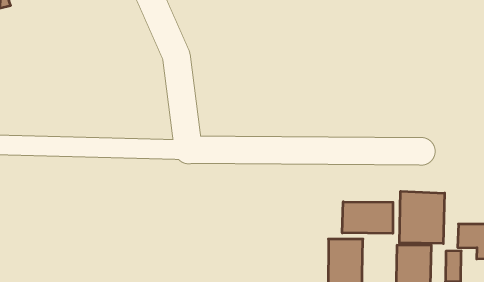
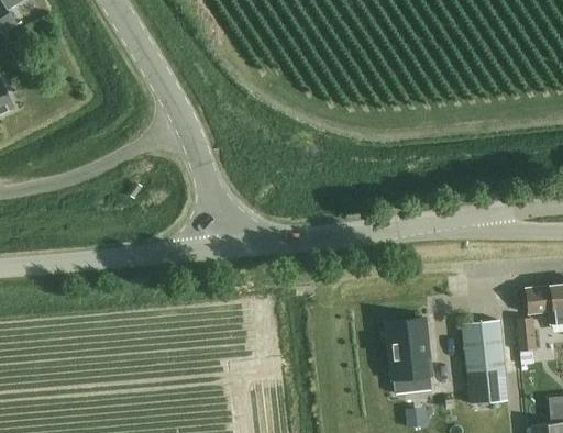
building: [399,191,445,244] -> none
building: [342,202,393,233] -> none

